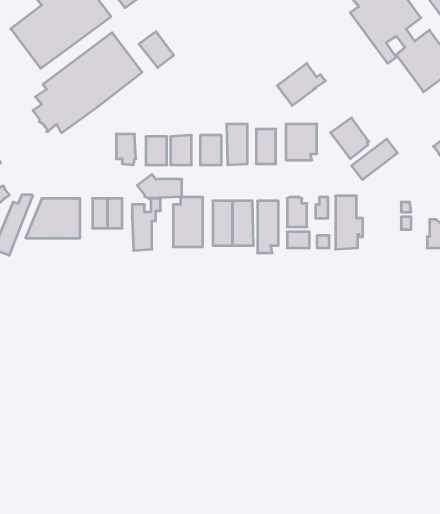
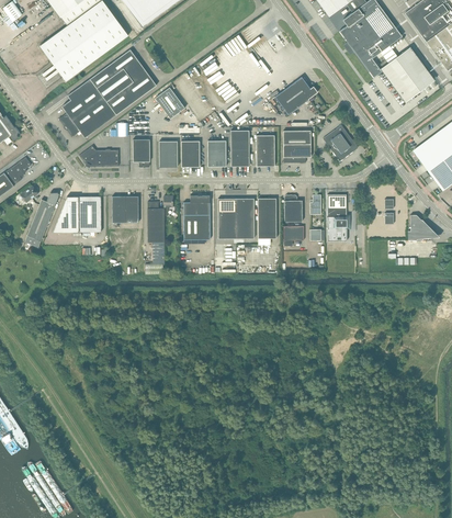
building: [139,32,174,68] -> [155,87,185,119]
building: [352,139,397,180] -> none
building: [137,174,182,199] -> [79,145,118,167]

